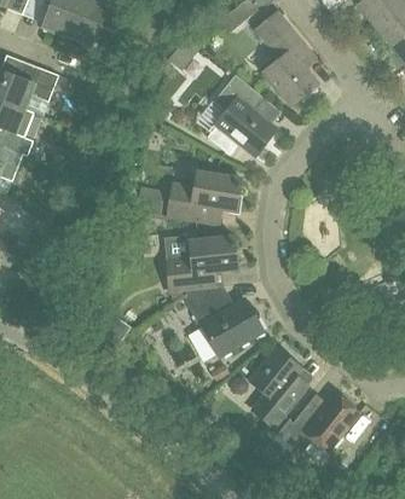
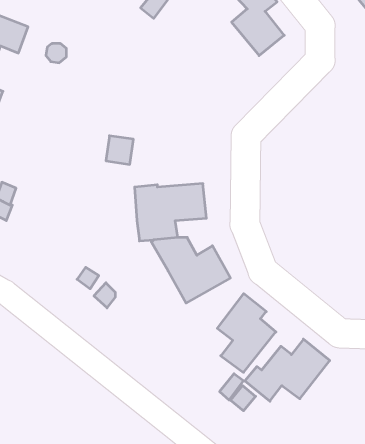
building: [206,72,274,155] -> none
building: [168,170,241,224] -> none

